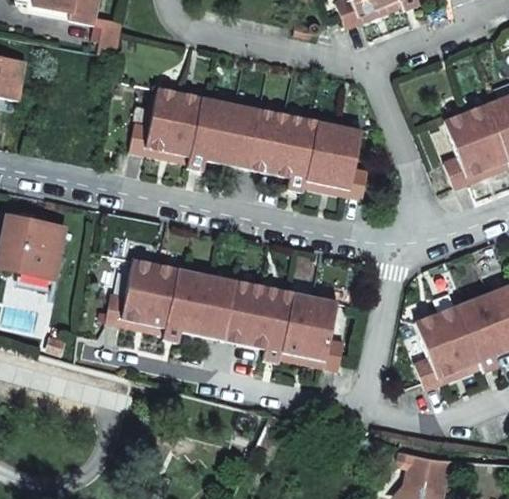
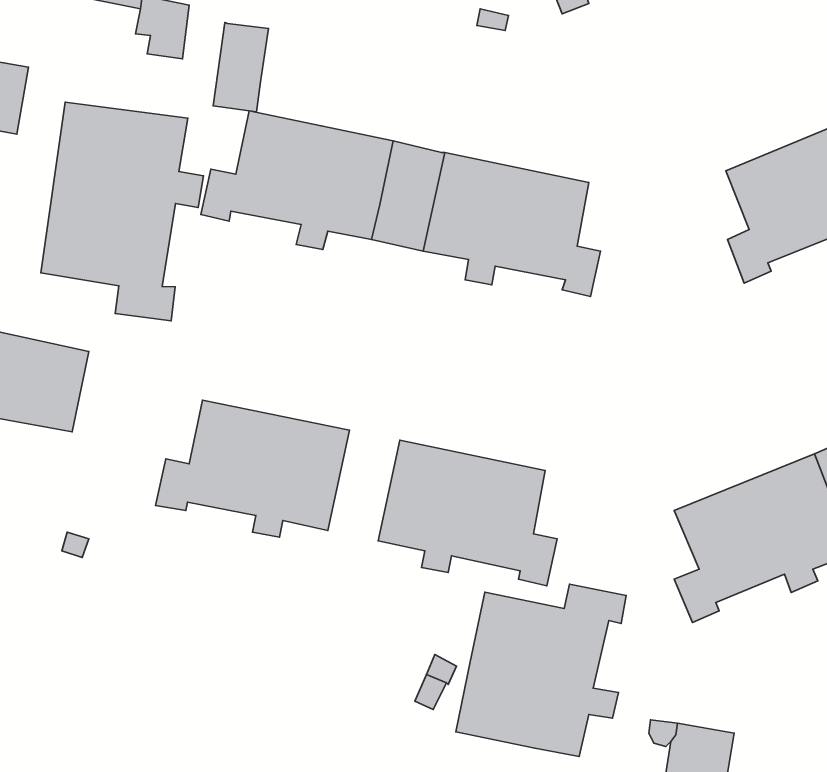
building: none -> [213,22,269,112]
building: none -> [41,102,203,321]
building: [206,277,249,343] -> none
building: none -> [456,584,626,756]

